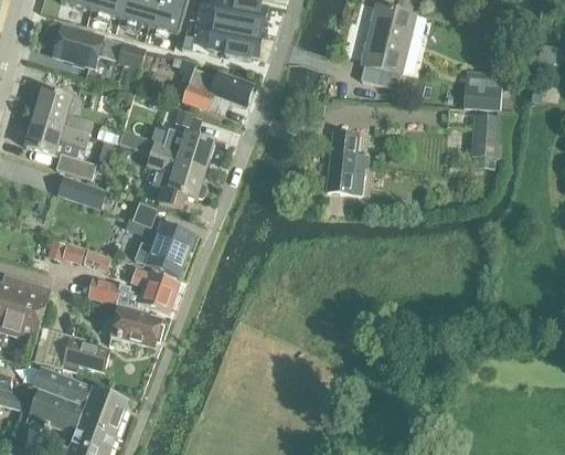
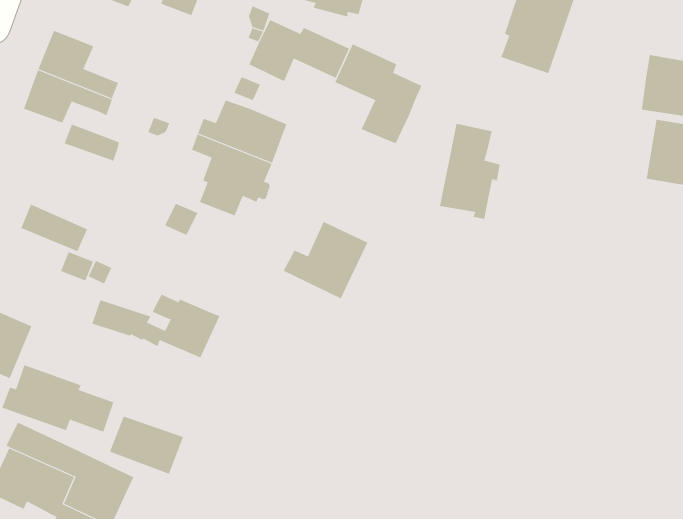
building: none -> [335,44,422,144]
building: [60,176,107,207] -> [21,204,88,252]
building: [135,221,193,275] -> [283,221,368,299]
building: [109,307,161,346] -> [109,416,184,474]

